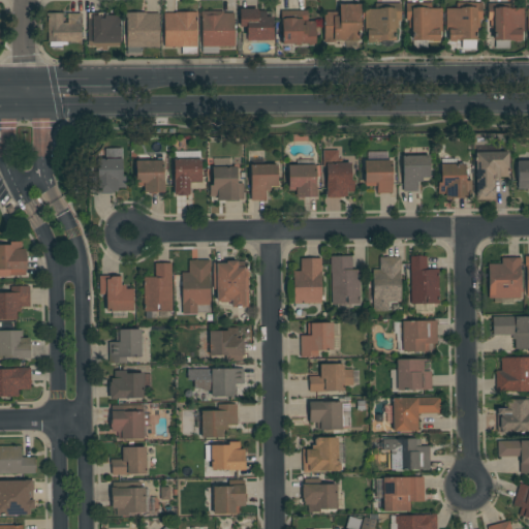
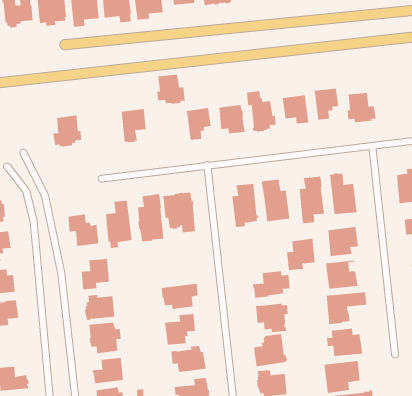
building: [476,151,510,198] -> none
building: [137,159,166,192] -> none
building: [211,166,244,200] -> [156,74,186,104]
building: [301,321,334,356] -> [286,238,316,271]
building: [210,326,245,361] -> none

